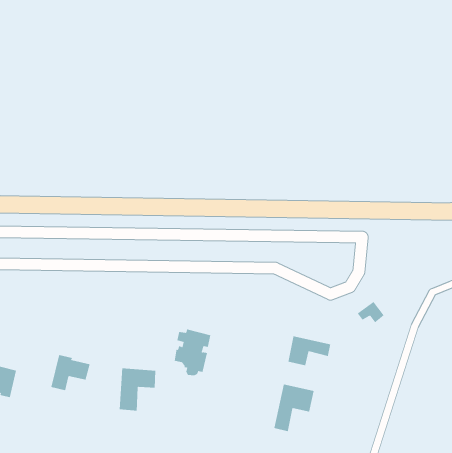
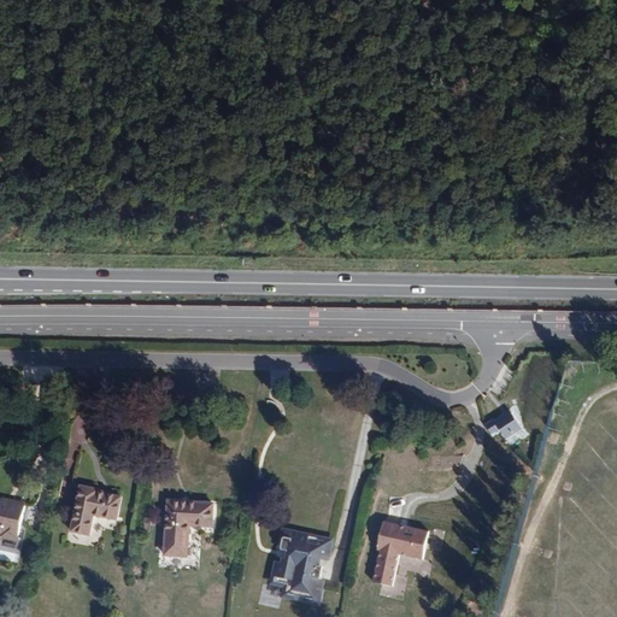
building: [174,329,211,376] -> [278,533,329,597]
building: [288,336,331,366] -> none

